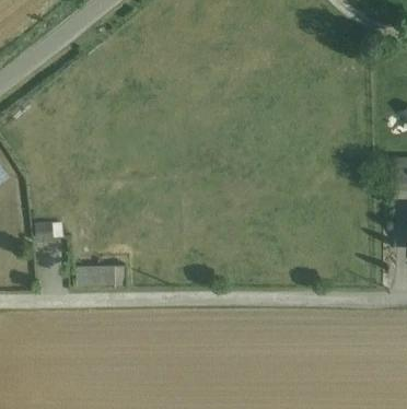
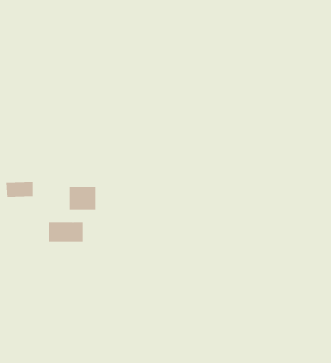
building: none -> [69,186,96,211]

